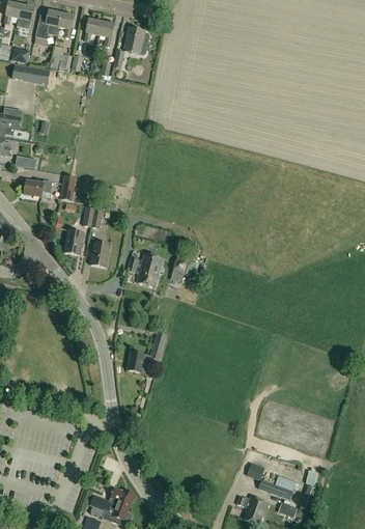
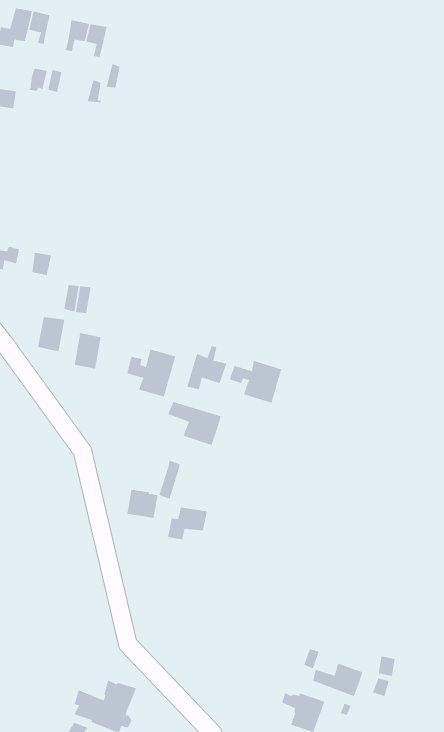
building: [124,27,150,54] -> none
building: none -> [229,360,282,404]
building: none -> [168,401,221,446]
building: none -> [167,507,207,541]

